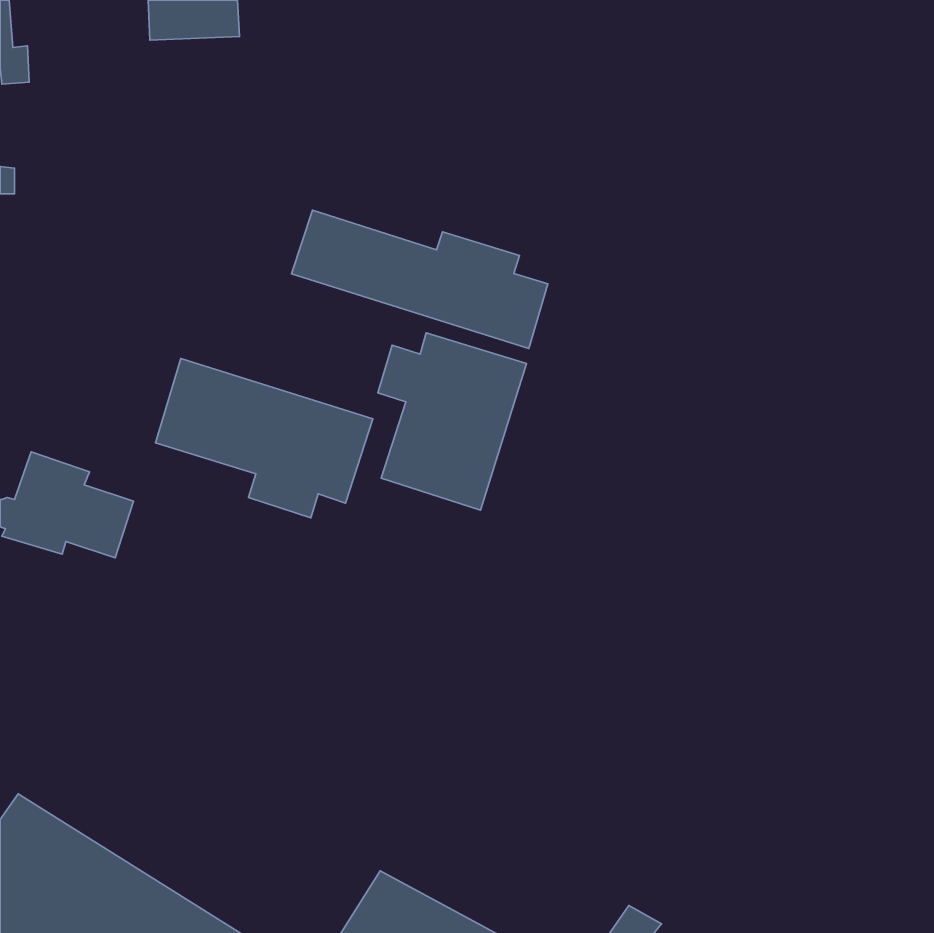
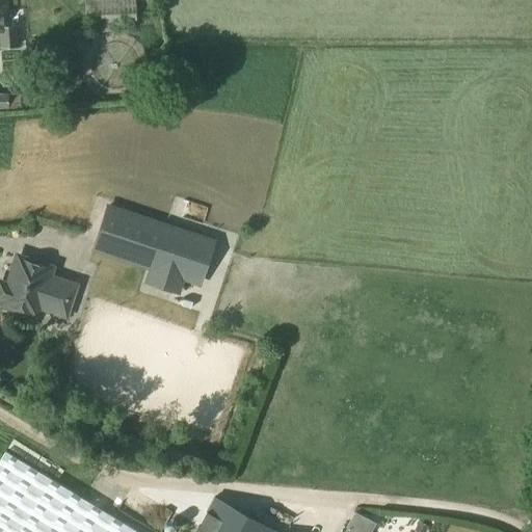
building: [291,210,548,348] -> none
building: [378,333,527,510] -> none

